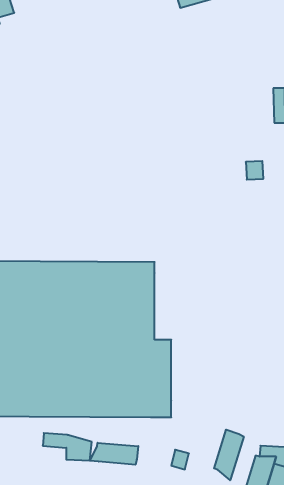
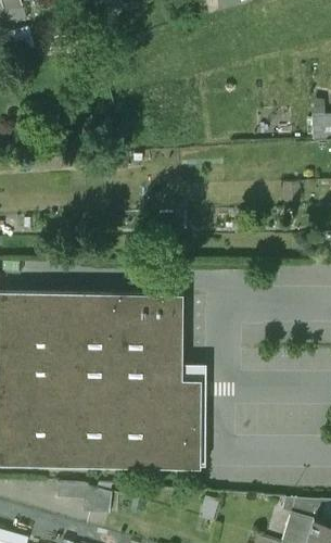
building: [214,430,244,480] -> none
building: [90,443,138,465] -> none

